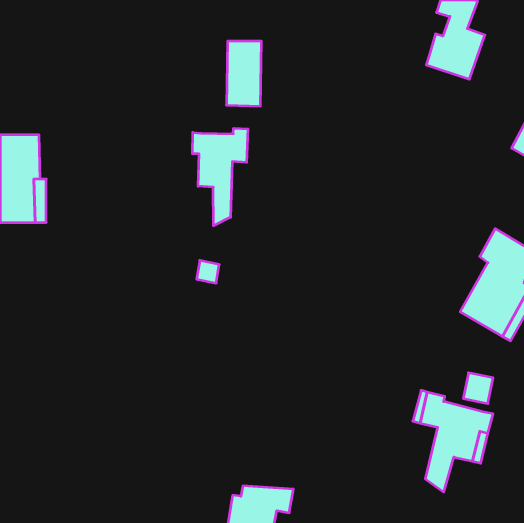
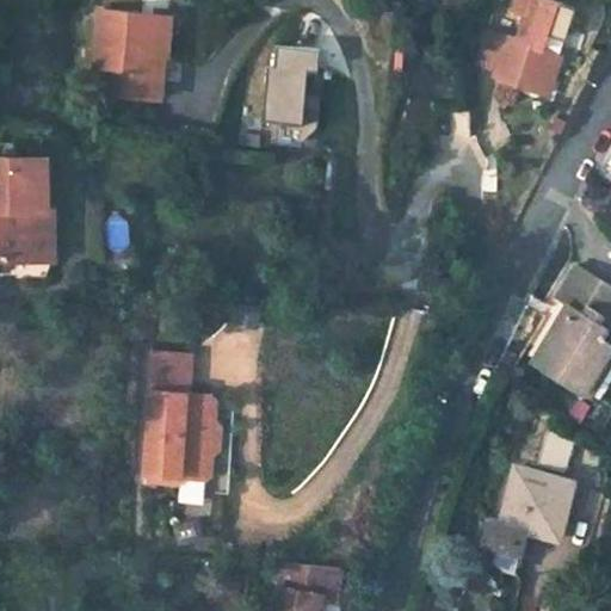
building: none -> [84,16,154,99]
building: [192,128,248,226] -> none
building: none -> [146,352,218,481]

